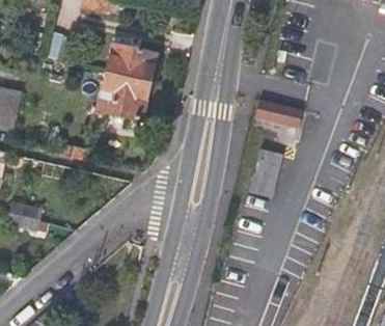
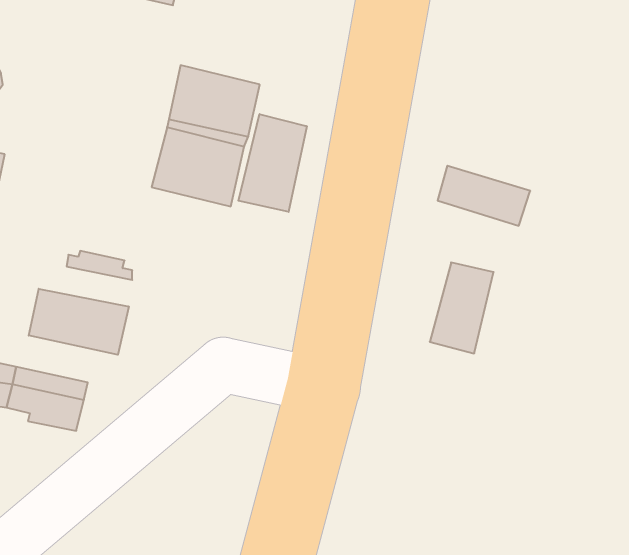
building: none -> [238,114,307,212]
building: none -> [29,289,129,355]

